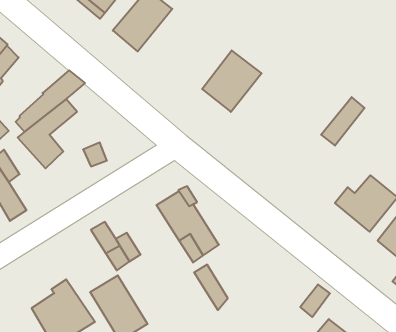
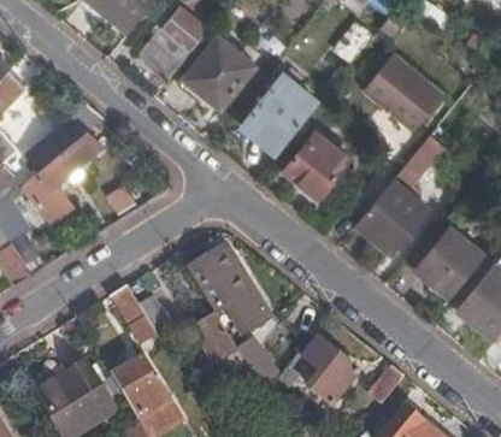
building: none -> [185,39,255,111]
building: none -> [366,54,443,131]
building: none -> [287,134,353,200]
building: none -> [356,179,429,253]
building: none -> [195,312,252,382]
building: none -> [306,336,359,404]

